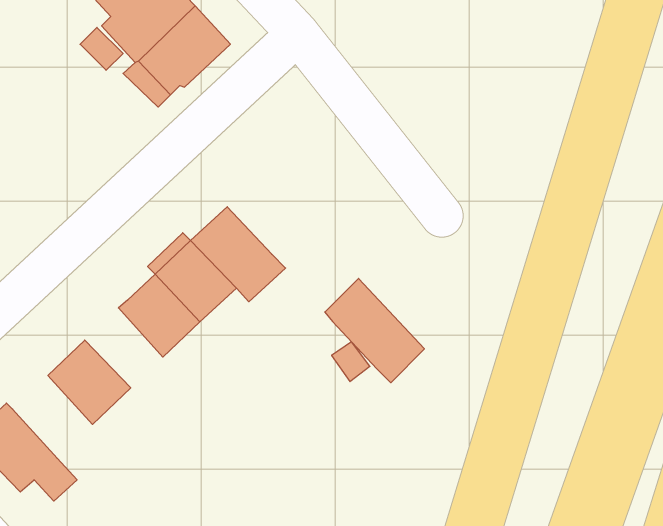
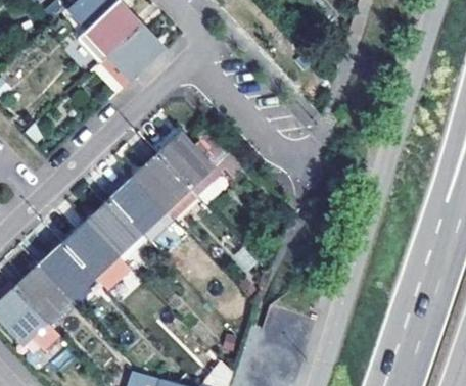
building: [325,278,424,383] -> [156,127,223,196]
building: none -> [66,223,119,276]
building: none -> [18,268,72,323]

